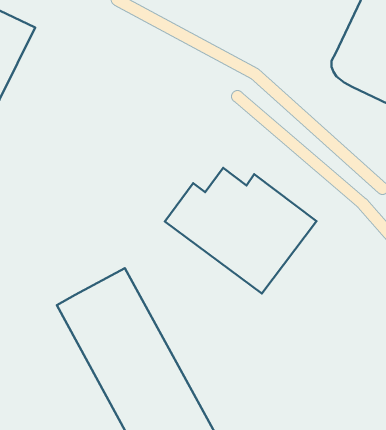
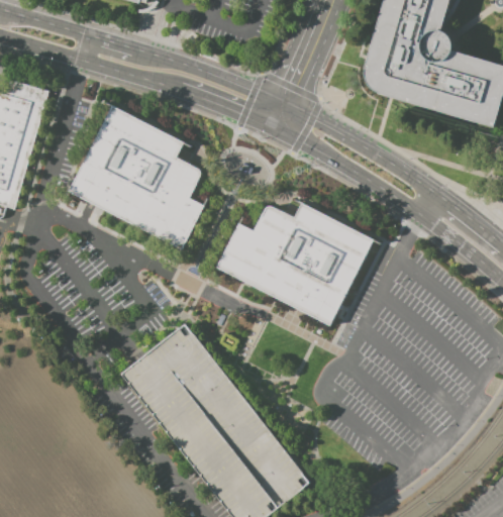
building: none -> [69,107,205,249]

